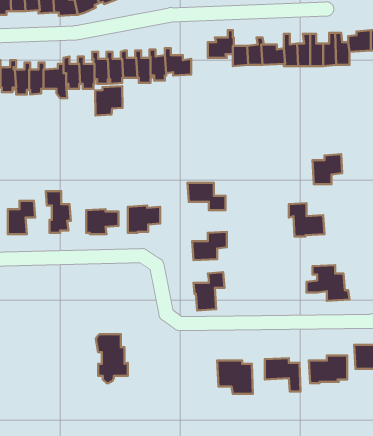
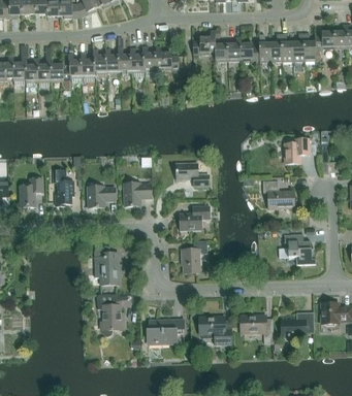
building: [95,86,123,116] -> none
building: none -> [94,245,121,285]
building: none -> [148,320,184,343]

